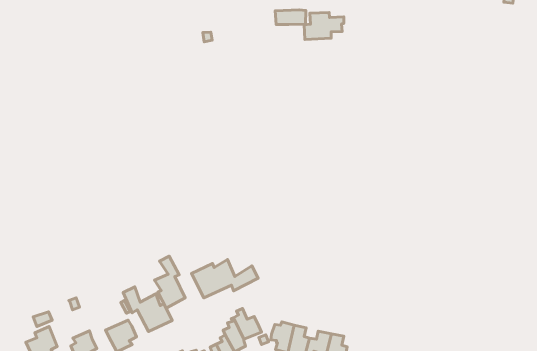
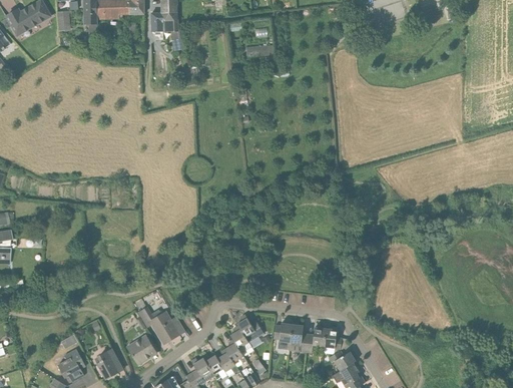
building: [304,13,344,40] -> none
building: [155,256,185,308] -> none
building: [191,260,258,298] -> none

